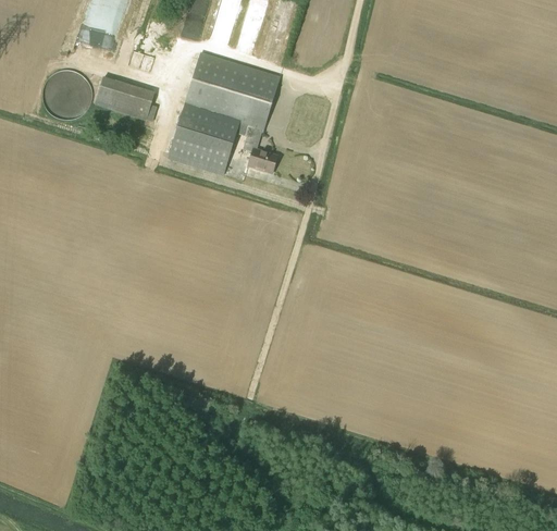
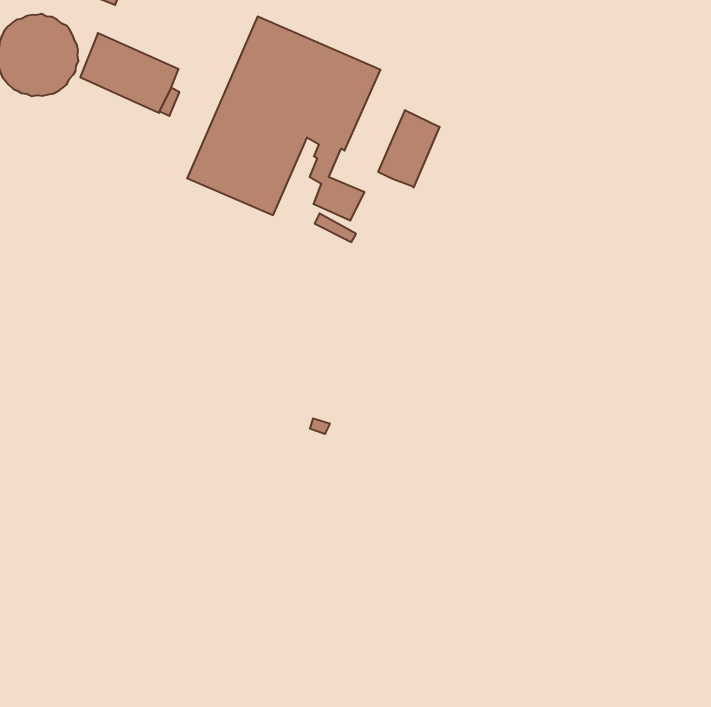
building: none -> [378,110,440,188]

